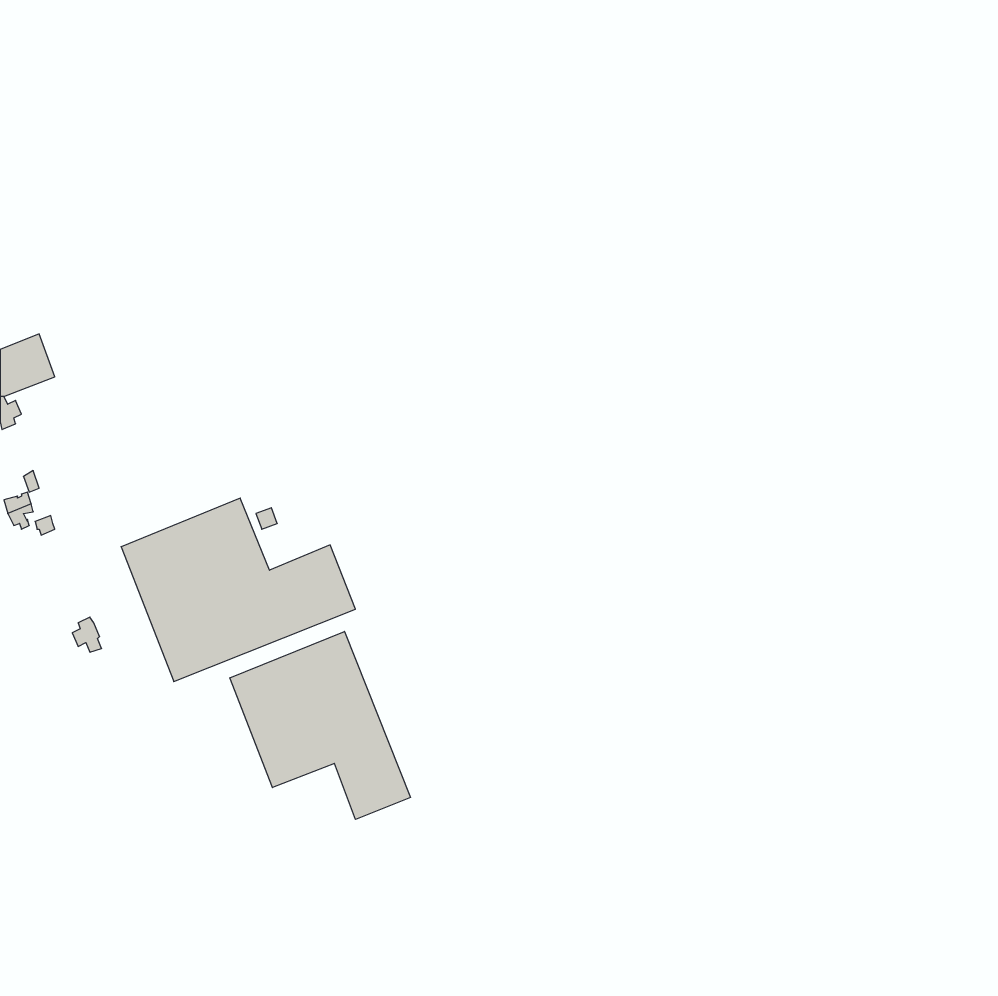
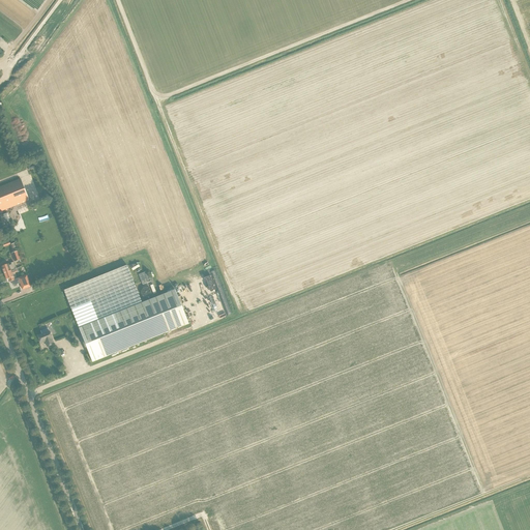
building: [230,631,410,819] -> none

